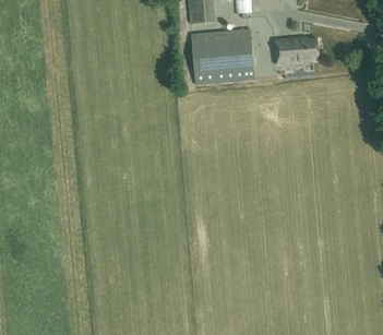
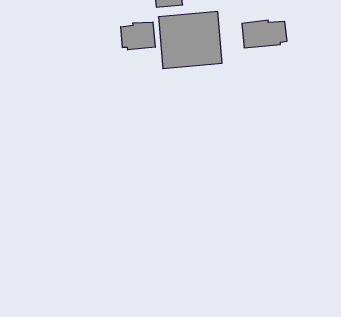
building: none -> [121,22,155,50]

